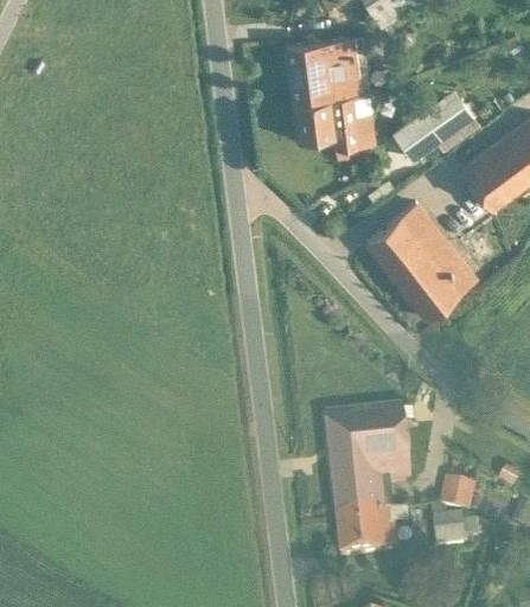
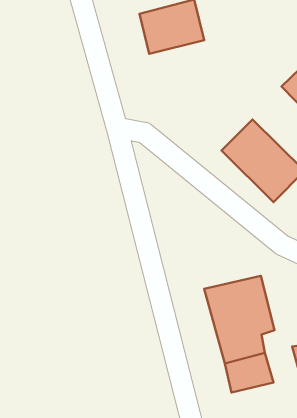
building: [392,87,480,159] -> none
building: [293,92,373,148] -> none

